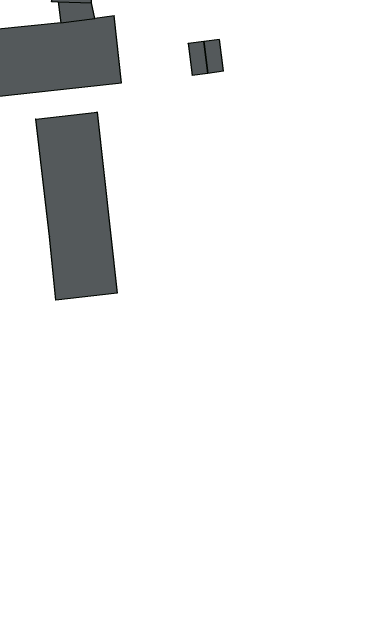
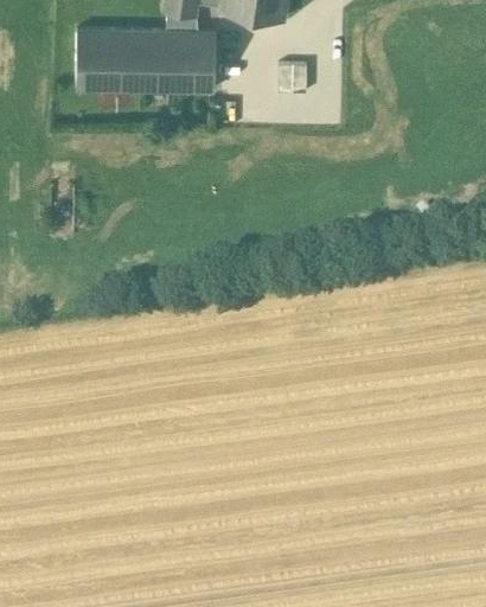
building: [36,112,117,300] -> none

